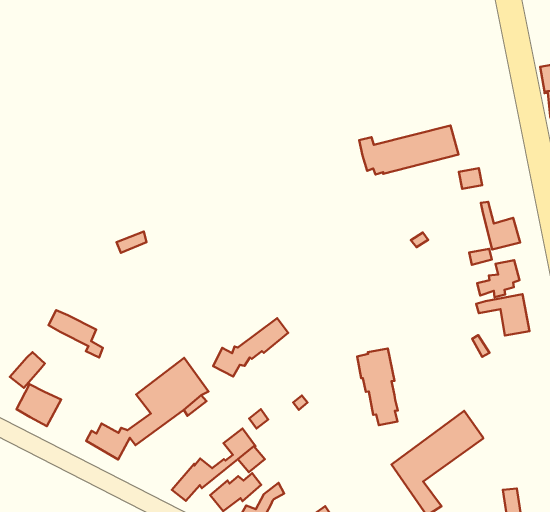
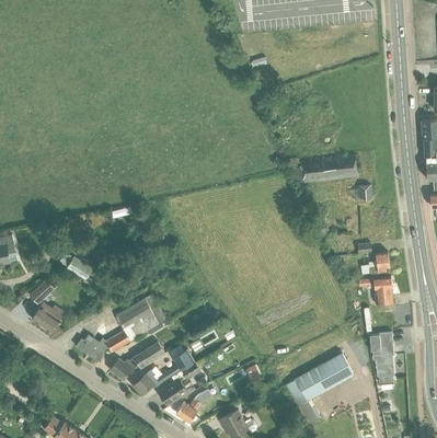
building: [481,202,520,250] -> none
building: [213,318,288,377] -> [110,342,164,379]
building: [357,349,398,425] -> [369,331,393,383]

